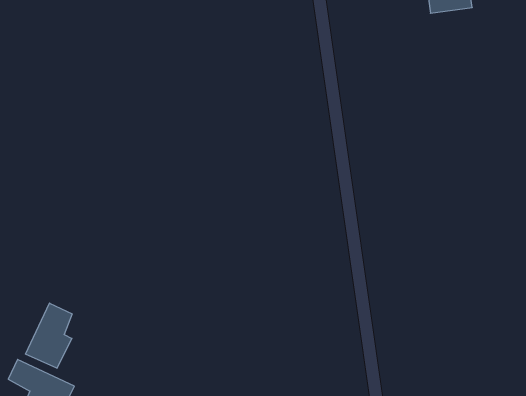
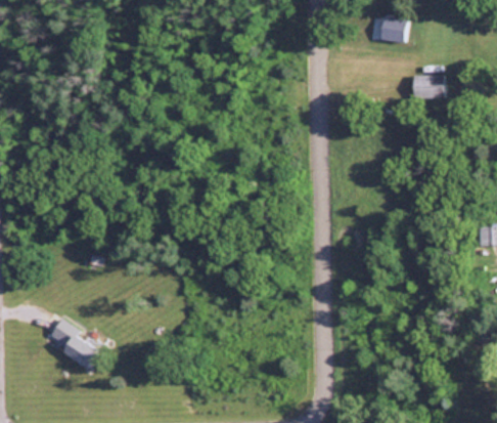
building: [26,303,72,368] -> none

